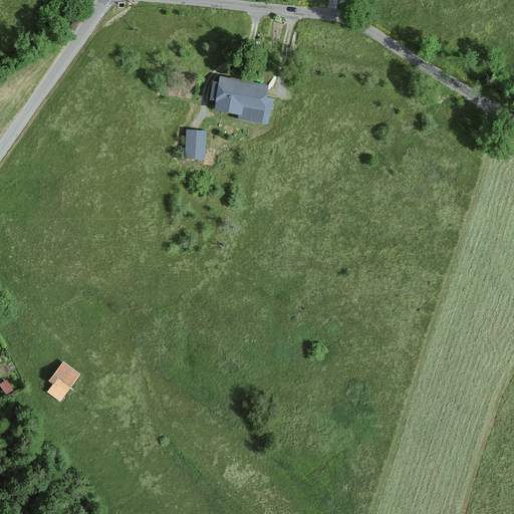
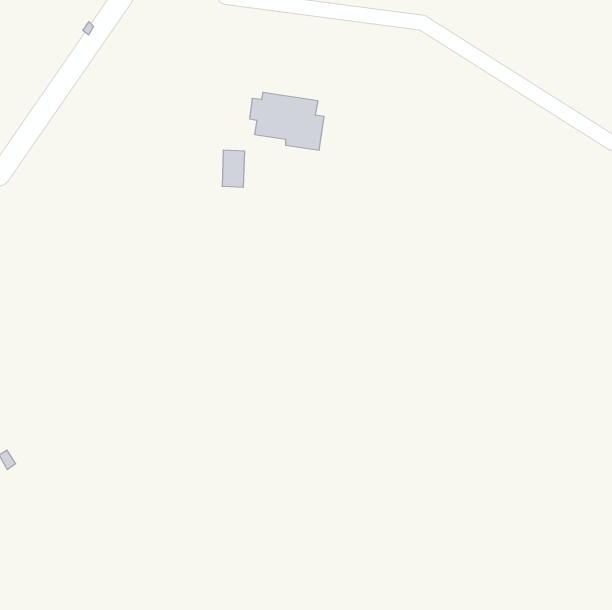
building: [48,360,79,398] -> none

